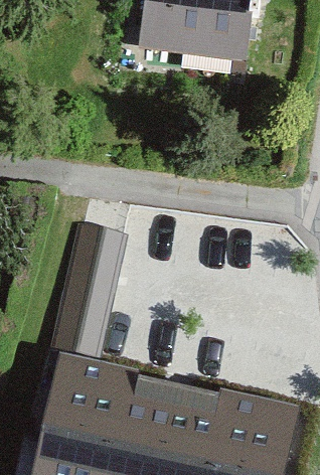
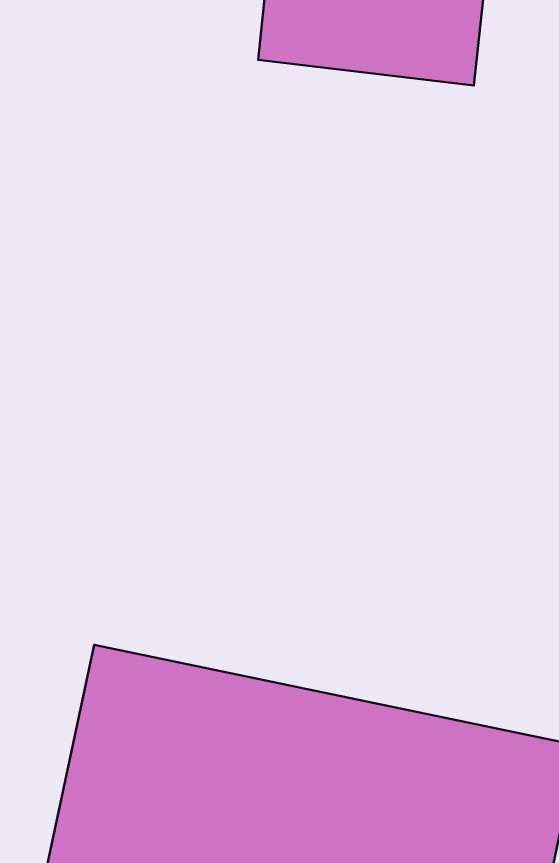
building: [44,218,129,357] -> none

